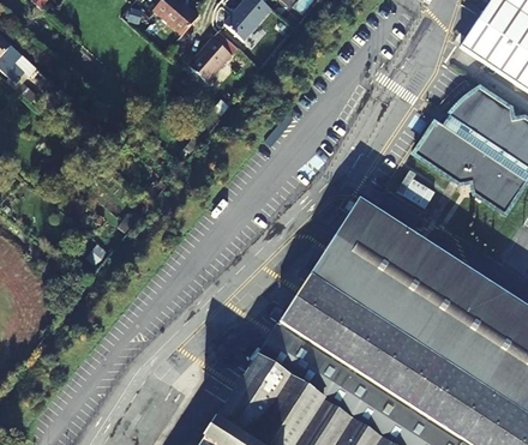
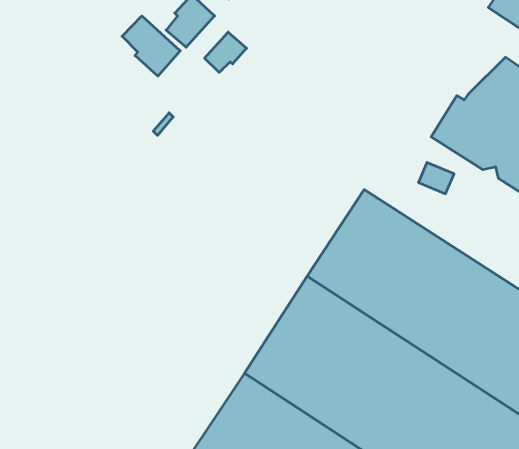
building: none -> [122,16,180,76]
building: none -> [205,32,247,72]

